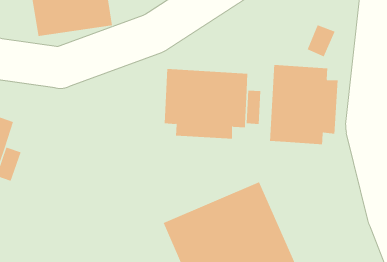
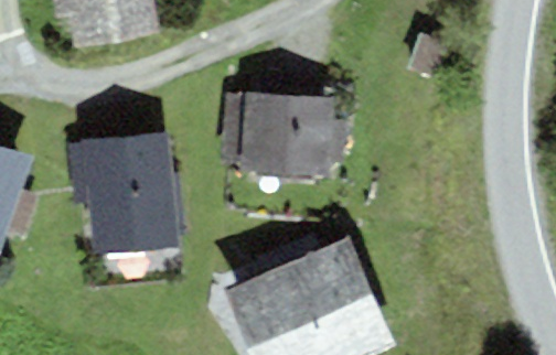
building: [269,64,338,145] -> none
building: none -> [82,133,179,258]

